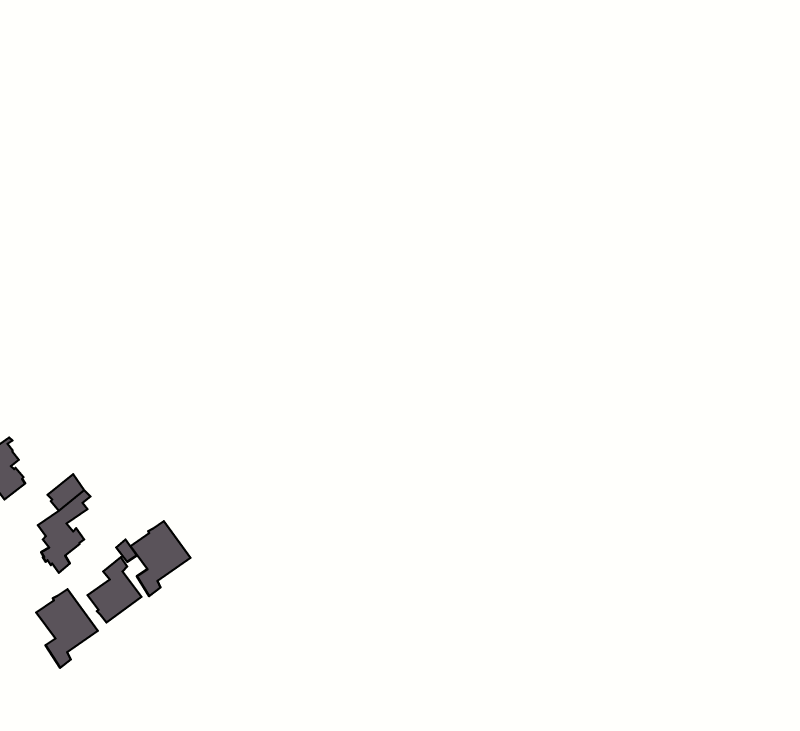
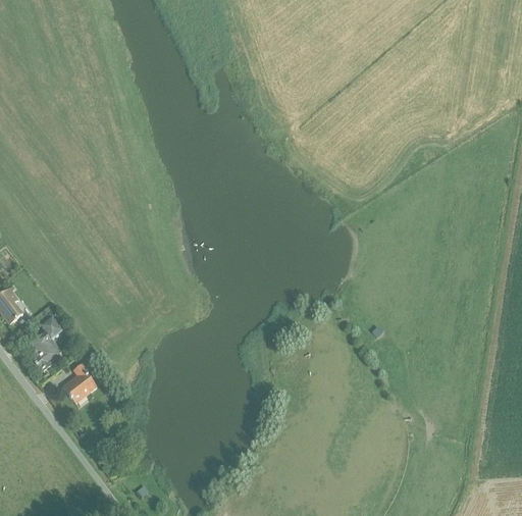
building: [130,521,190,596] -> none
building: [36,589,98,668] -> none

